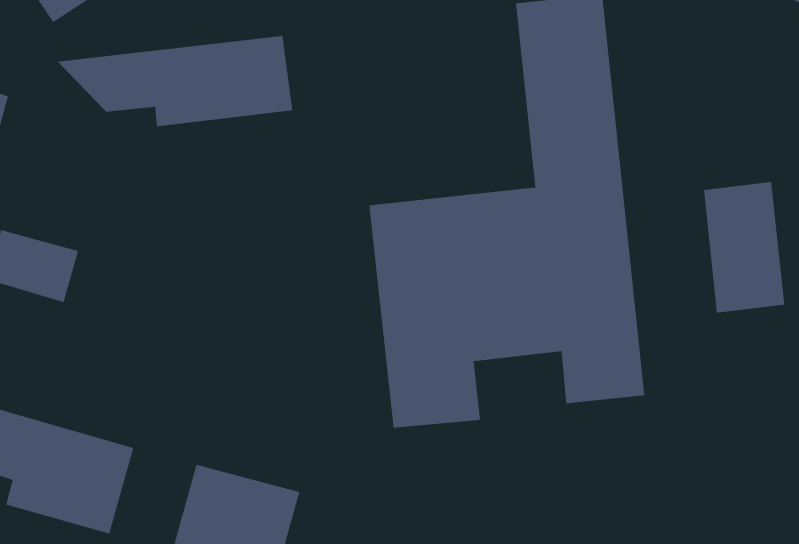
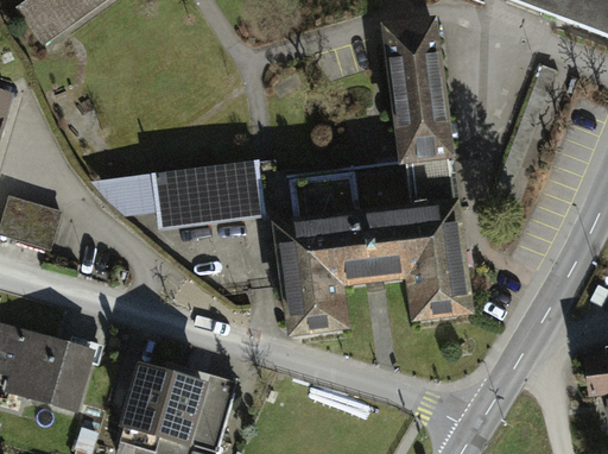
building: [57,36,293,127] -> [84,157,256,223]
building: [703,181,785,314] -> none

